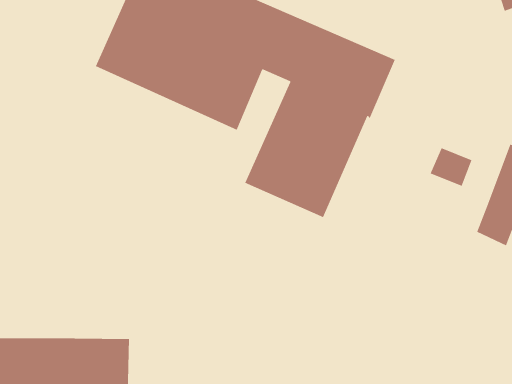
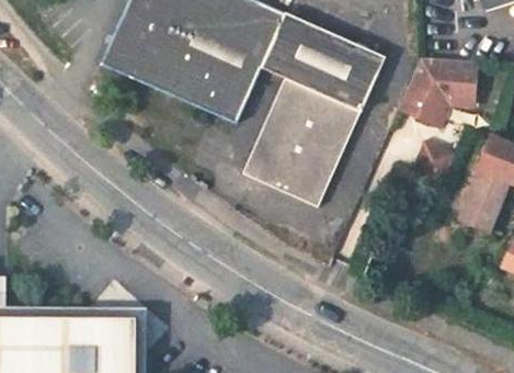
building: none -> [399,56,479,126]

